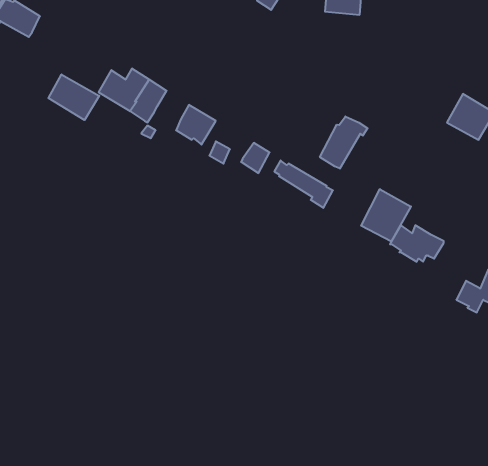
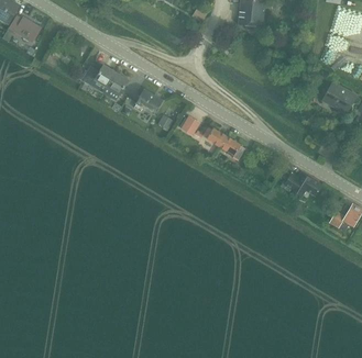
building: [48,74,99,120] -> none
building: [320,116,368,169] -> none
building: [361,189,411,242] -> none

